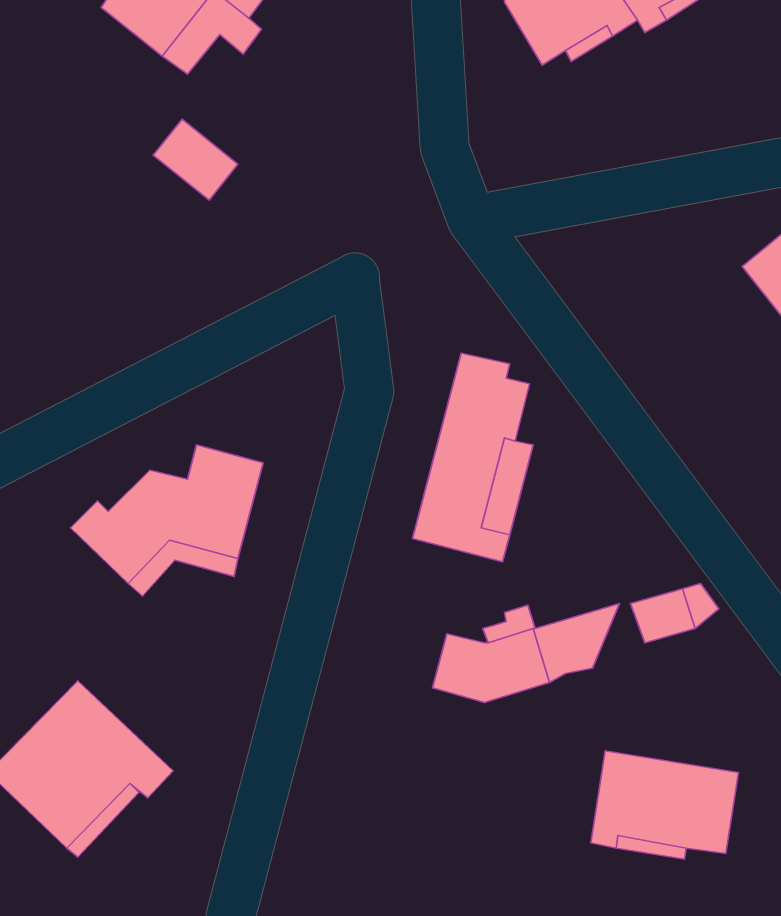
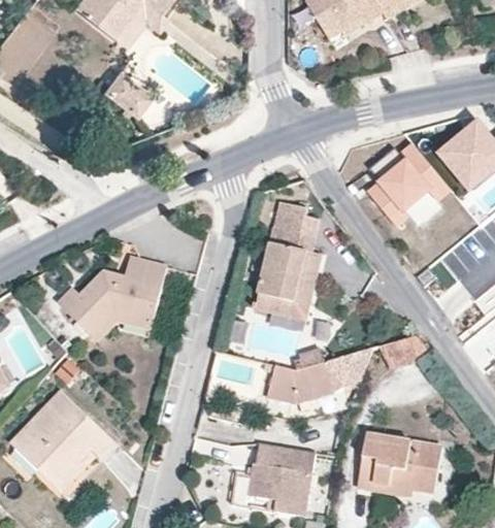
building: none -> [368,144,449,225]
building: none -> [244,441,314,515]

